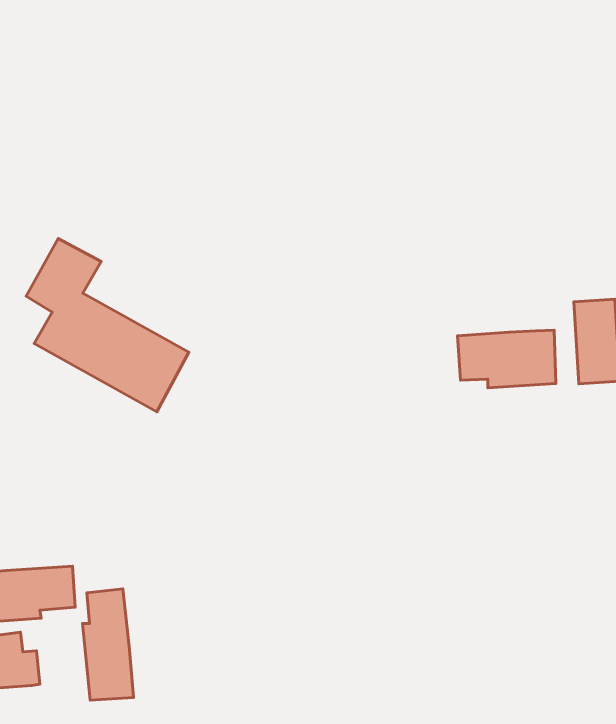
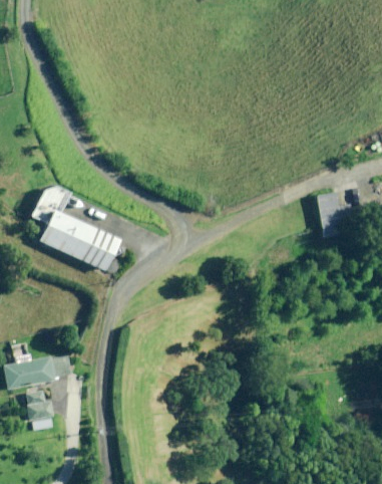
building: [458,330,556,388] -> none
building: [83,589,134,700] -> none

